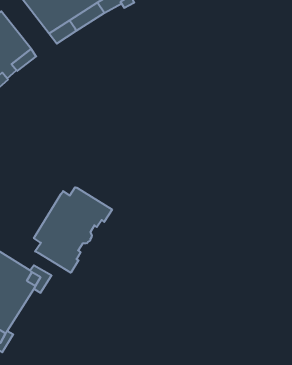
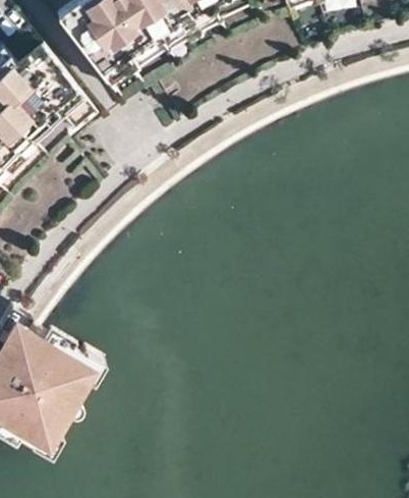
building: [34,187,112,273] -> none

